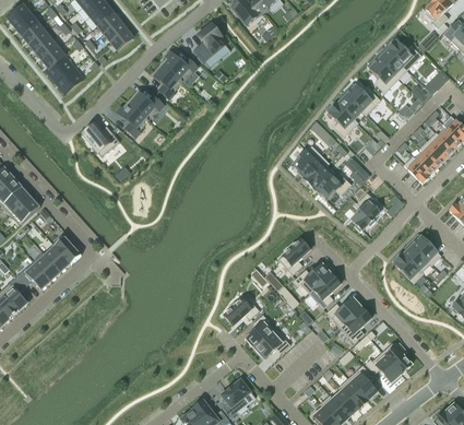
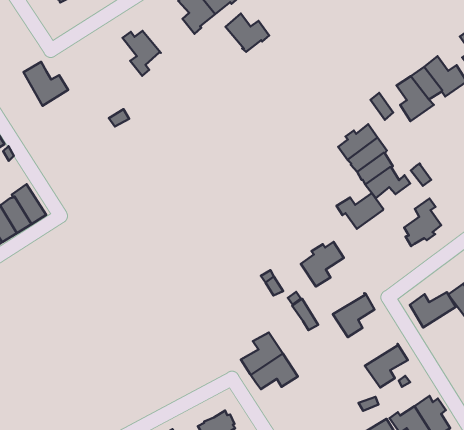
building: [130,92,164,120] -> [226,13,269,52]
building: [83,123,119,156] -> [23,62,68,106]
building: none -> [337,193,383,229]
building: [293,263,331,293] -> none
building: [223,295,260,326] -> none
building: [326,298,361,328] -> [410,292,456,327]

